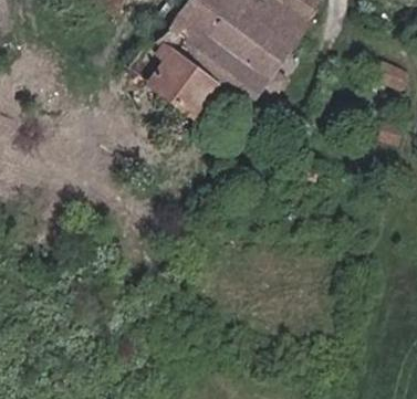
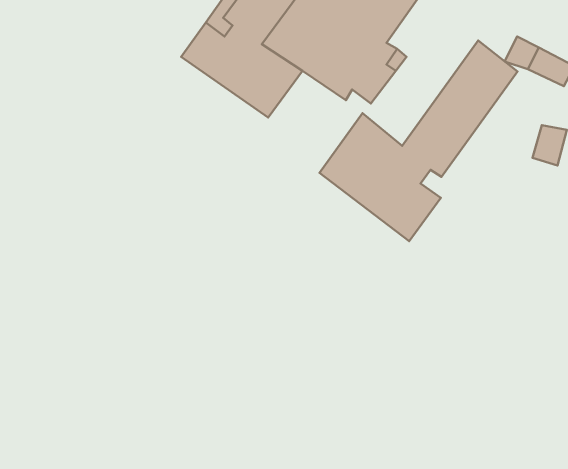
building: none -> [320,41,517,241]

